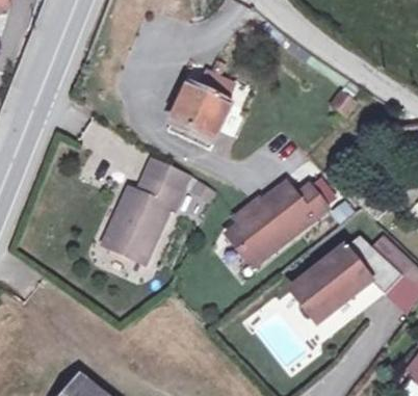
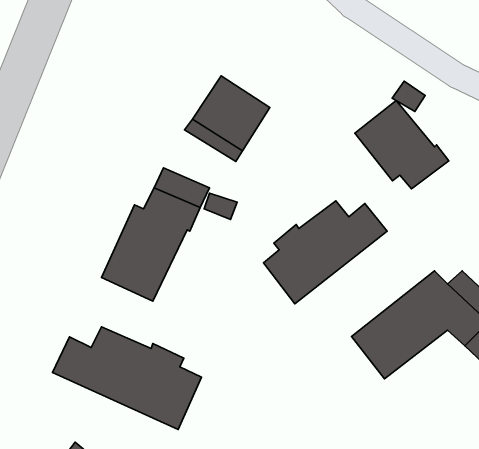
building: none -> [355,100,449,189]
building: none -> [53,327,202,430]

